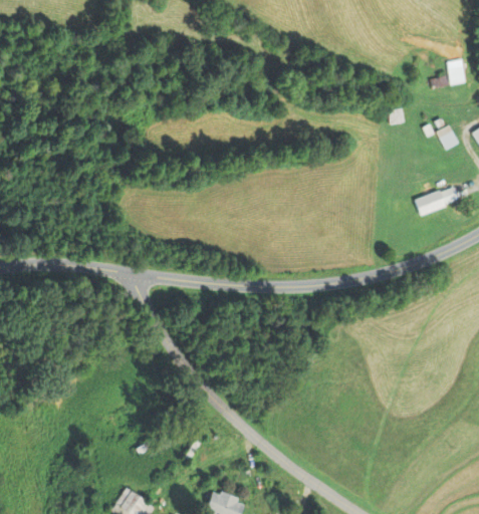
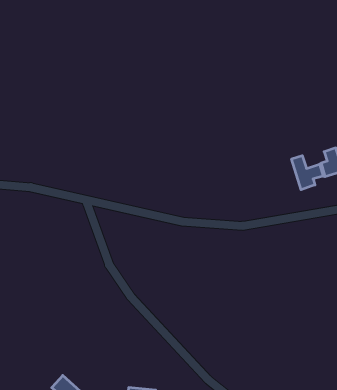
building: none -> [292,156,323,190]

